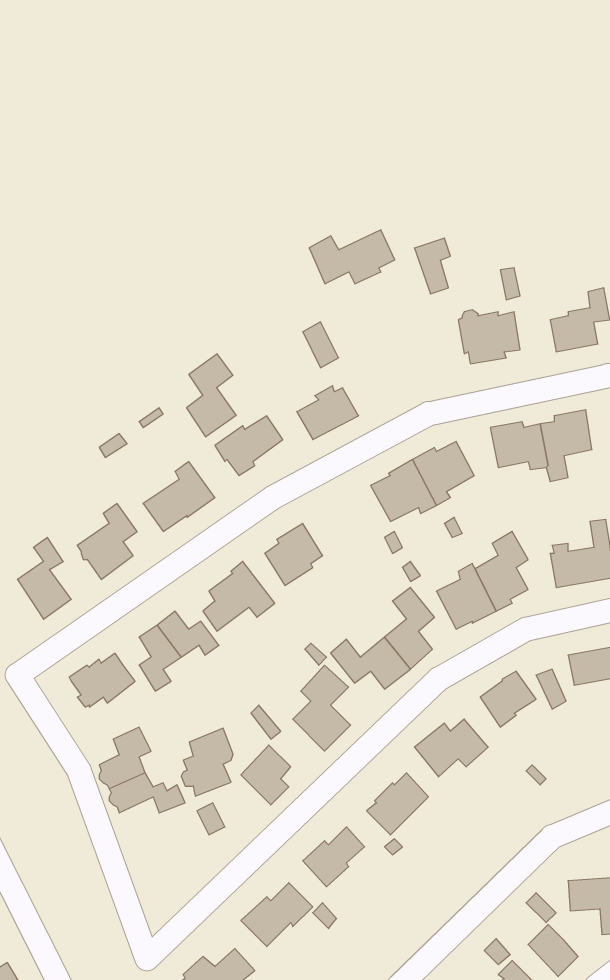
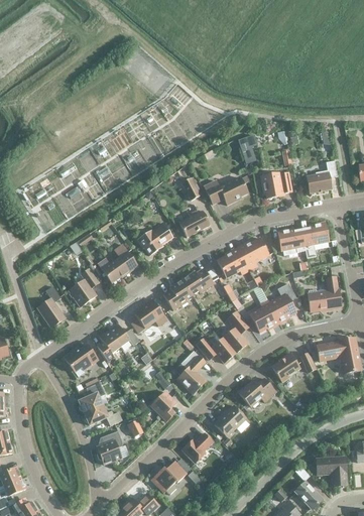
building: [309,230,395,284] -> [204,177,247,205]
building: [187,354,236,437] -> none
building: none -> [181,268,214,295]
building: [181,728,233,796] -> [96,430,122,465]

